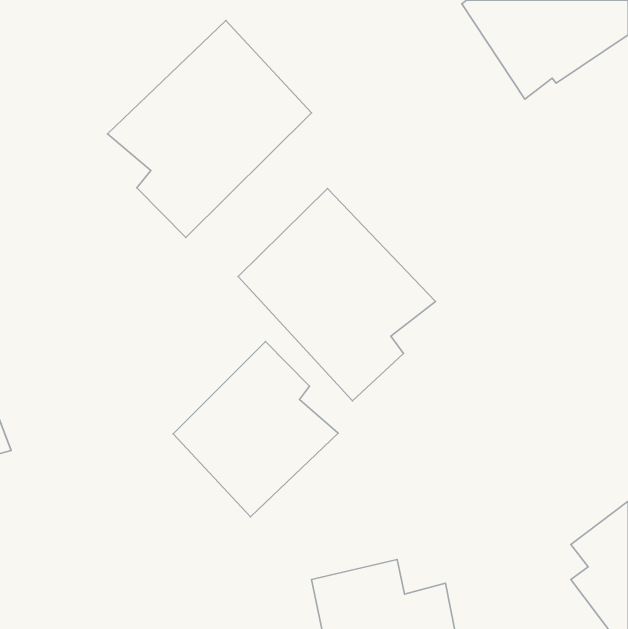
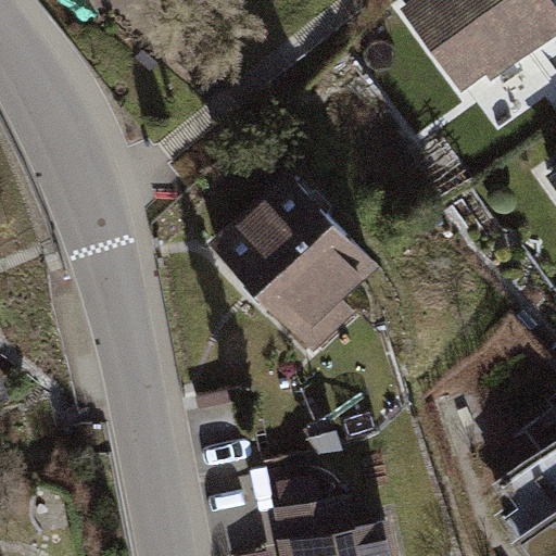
building: [107,21,311,237] -> none
building: [173,342,338,517] -> none

